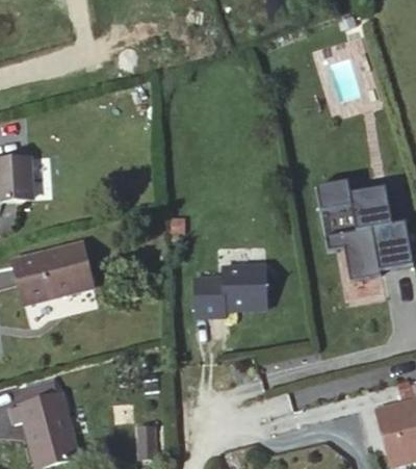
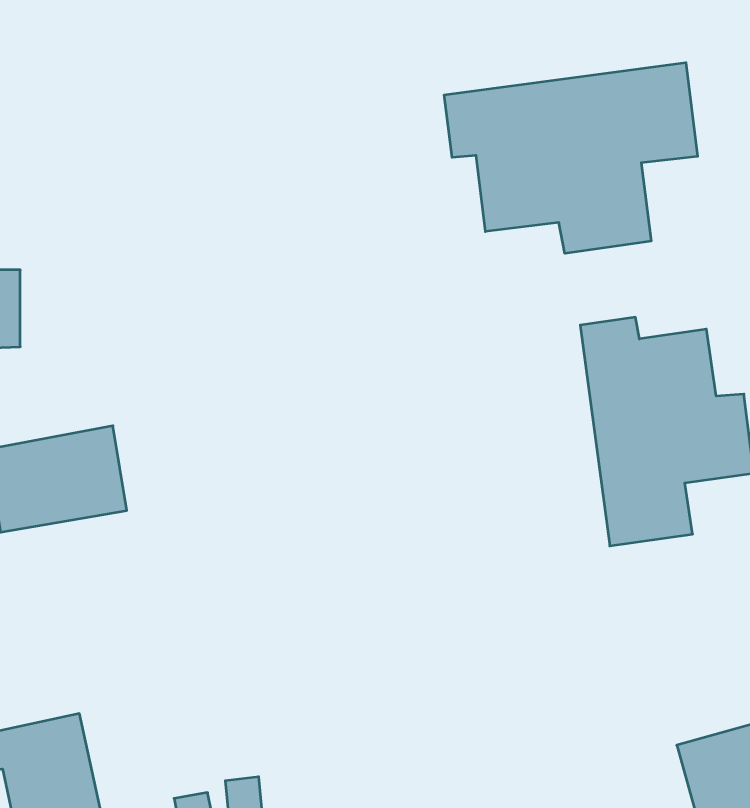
building: none -> [444,63,698,253]
building: [196,257,267,307] -> none

